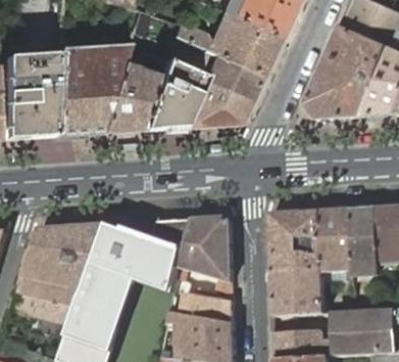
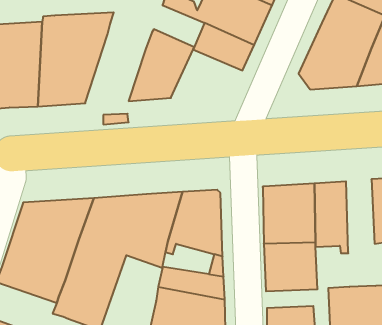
building: [98,55,162,133] -> none
building: [181,81,250,128] -> none
building: [350,207,378,277] -> none

